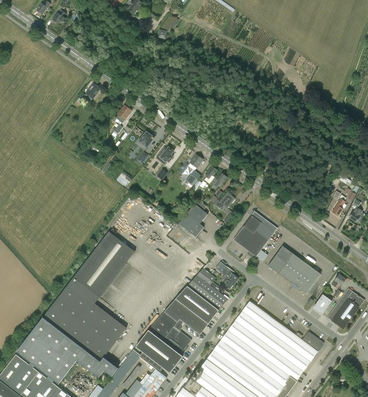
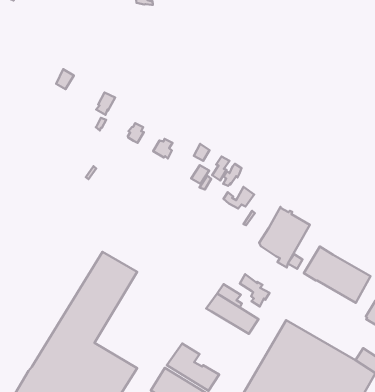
building: [178,199,207,237] -> none
building: [164,286,218,335] -> none

